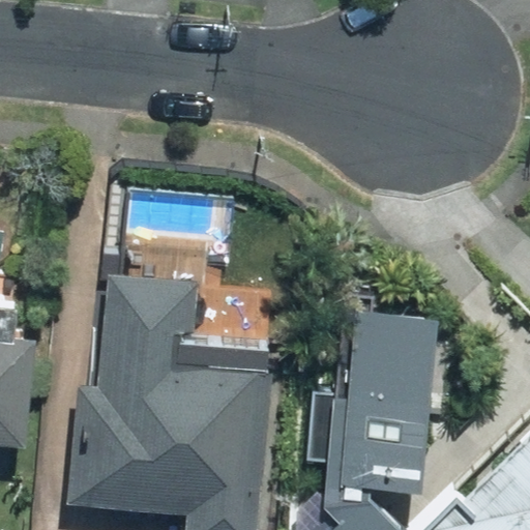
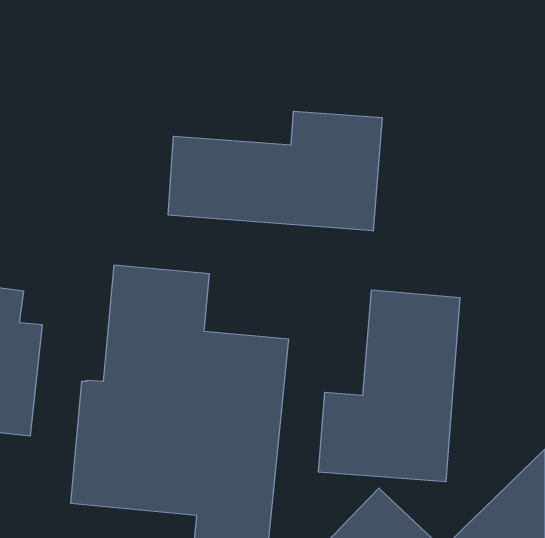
building: none -> [168,111,382,231]

